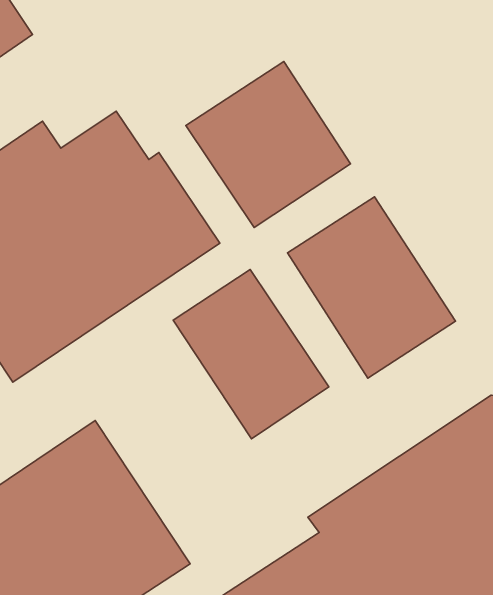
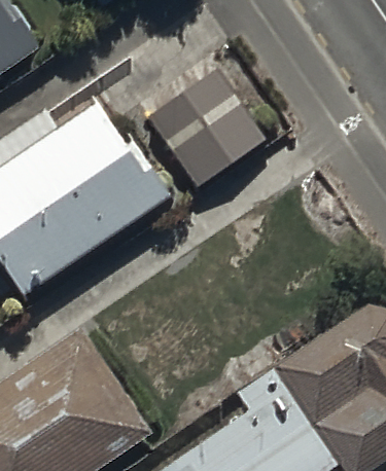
building: [287,197,456,378] -> none
building: [173,270,329,439] -> none

